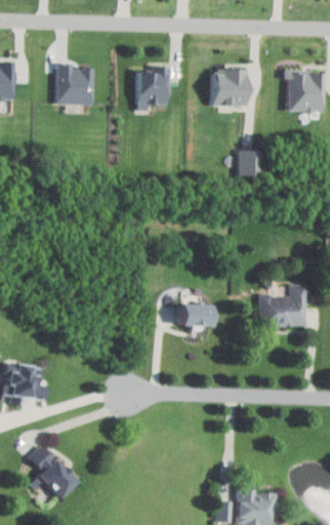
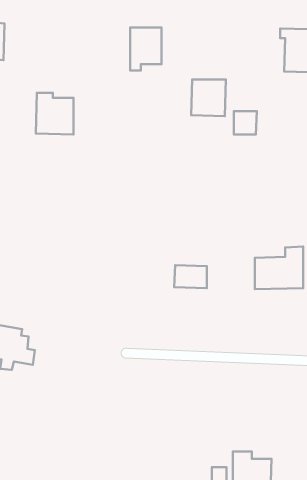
building: [55,65,92,106] -> [36,93,74,135]
building: [213,72,247,108] -> [191,80,226,116]
building: [28,444,76,497] -> none

